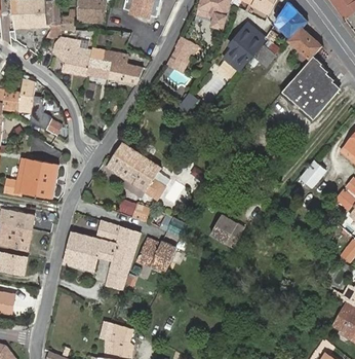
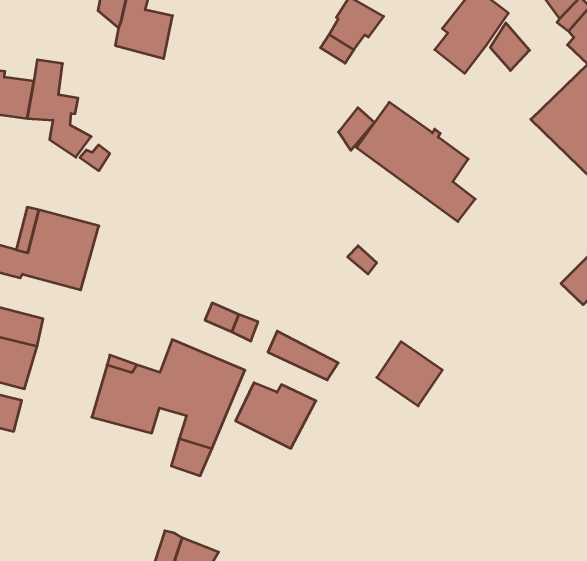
building: [87,50,142,83] -> none
building: [106,142,169,202] -> [356,102,475,222]

